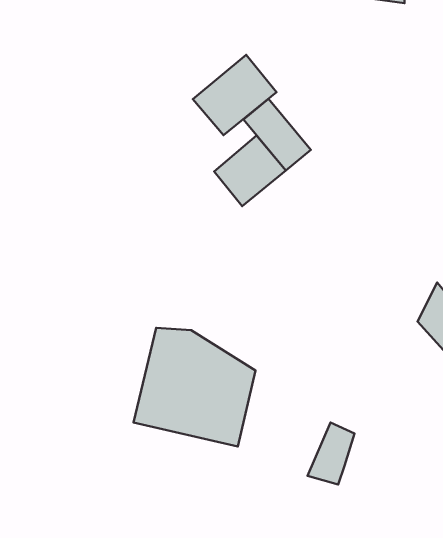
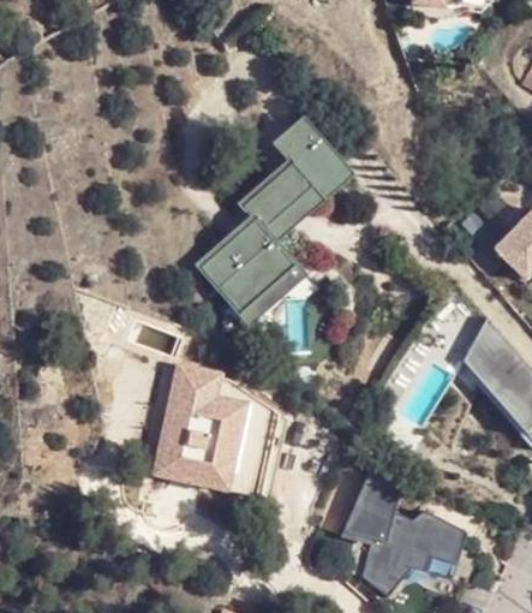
building: [193,55,277,135] -> none
building: none -> [195,214,304,323]
building: none -> [364,511,462,596]

